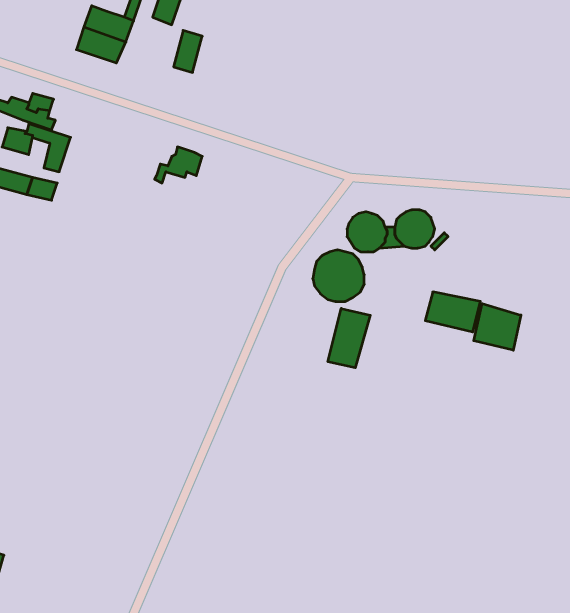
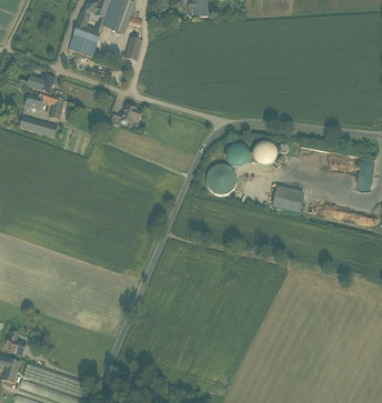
building: [474,304,521,350] -> none
building: [328,308,370,368] -> none

